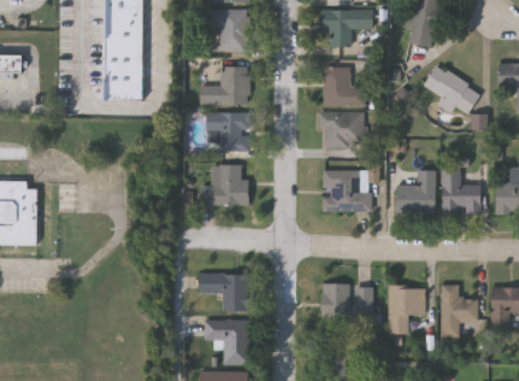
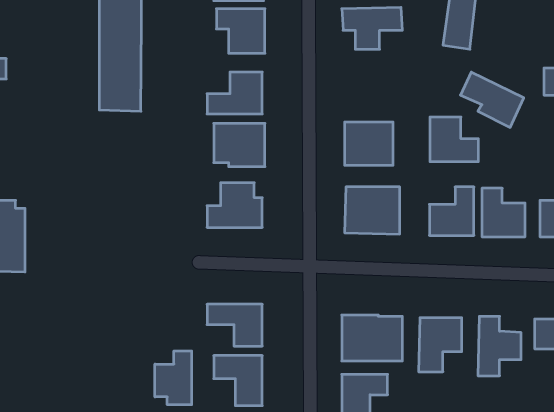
building: [324,66,367,106] -> [430,117,478,162]
building: none -> [155,351,192,405]

